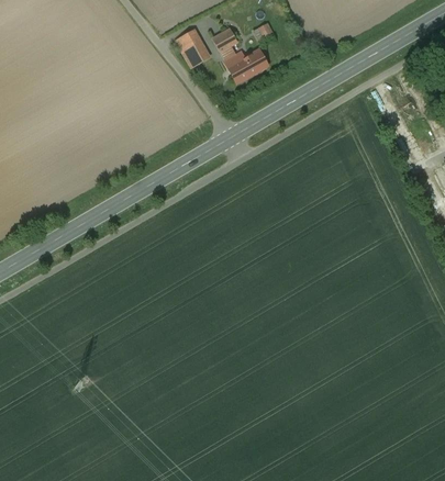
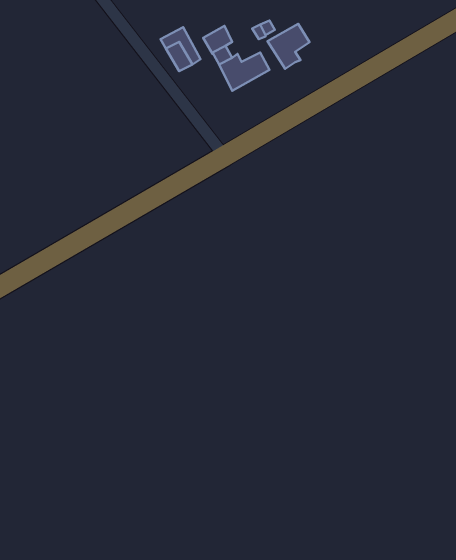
building: none -> [268,24,309,69]

